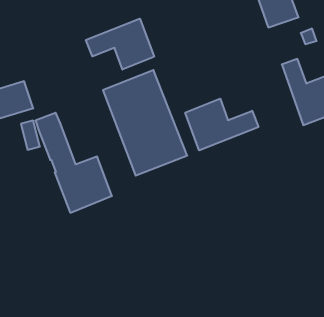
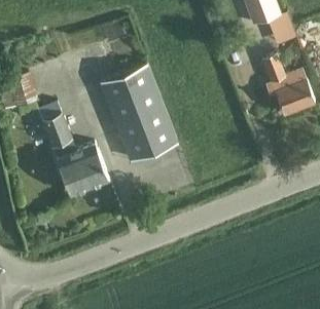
building: [86,19,154,70] -> none
building: [185,99,258,150] -> none

